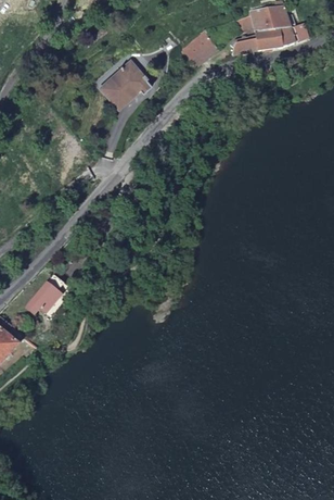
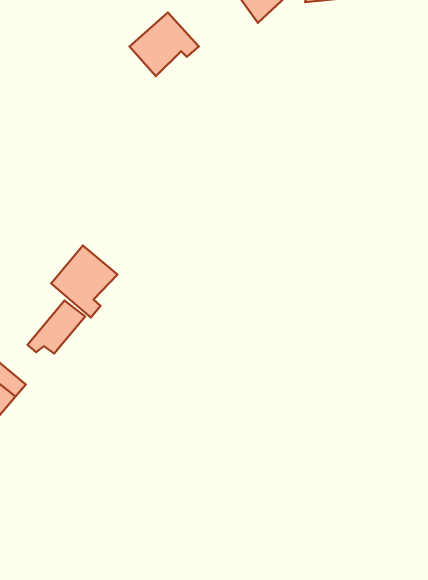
building: none -> [51,245,117,318]

